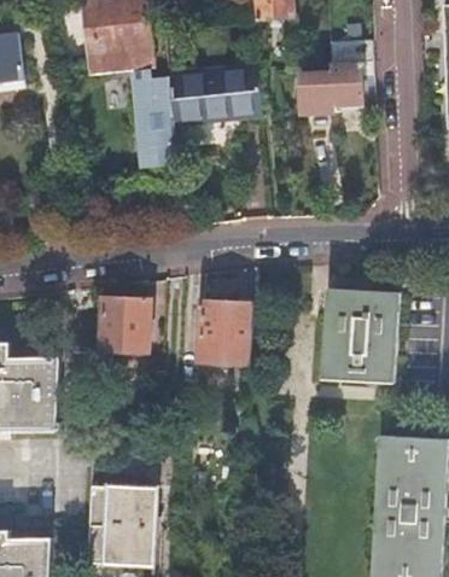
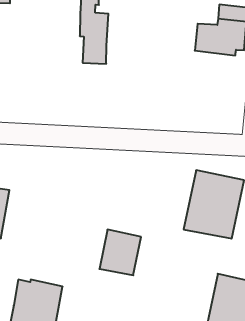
building: [165,62,261,124] -> none
building: [100,296,150,351] -> none
building: [199,301,253,362] -> [99,230,141,275]

